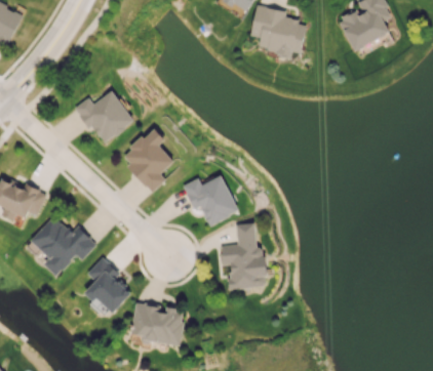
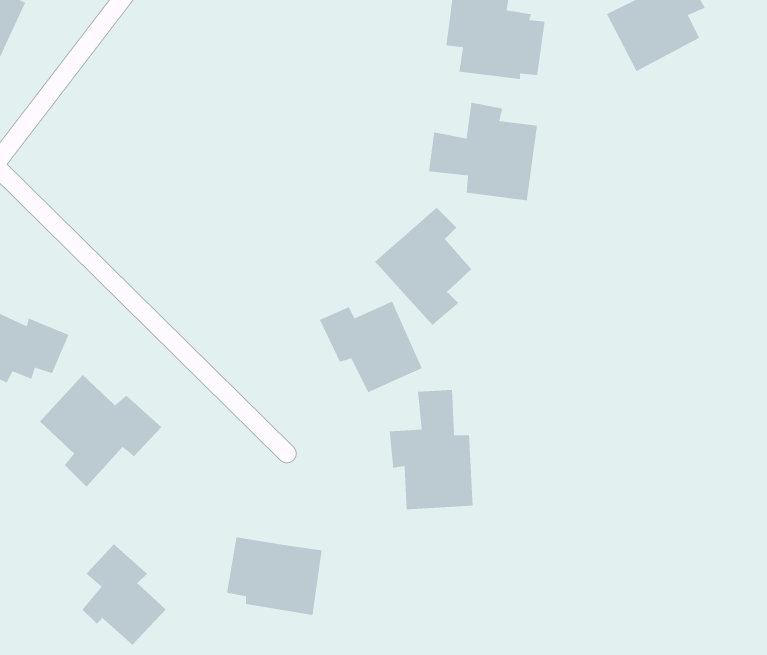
building: none -> [428,102,538,201]
building: [76,90,134,145] -> none
building: [120,128,173,193] -> [374,207,472,326]
building: [85,257,131,313] -> [82,544,167,645]

